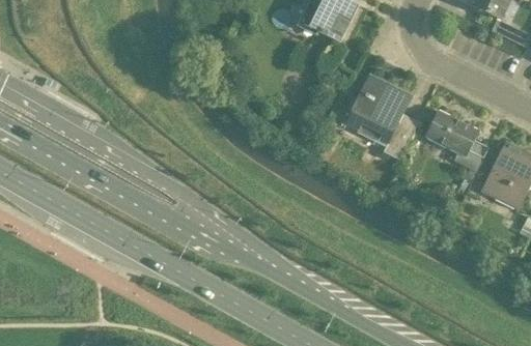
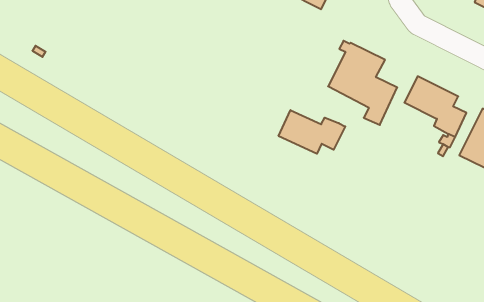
building: none -> [279,110,345,154]

